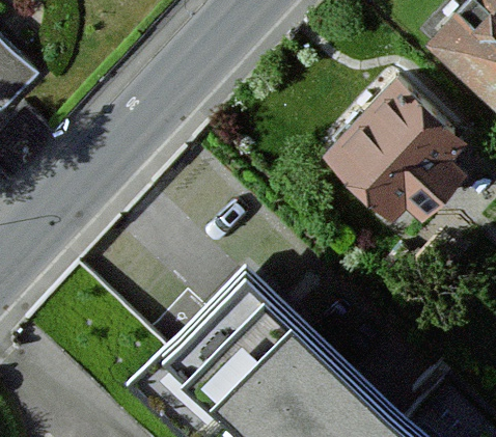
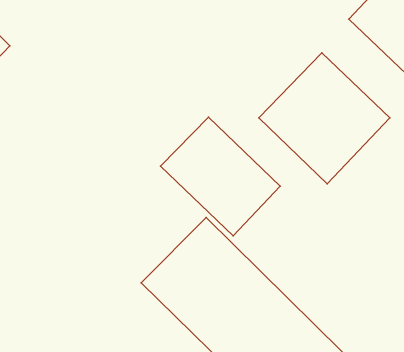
building: none -> [160,117,280,236]

